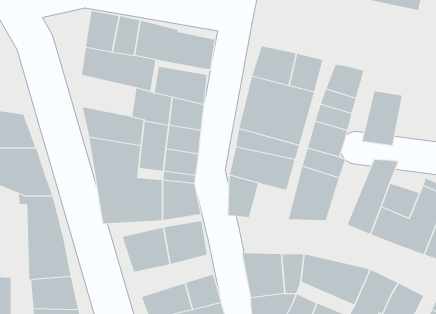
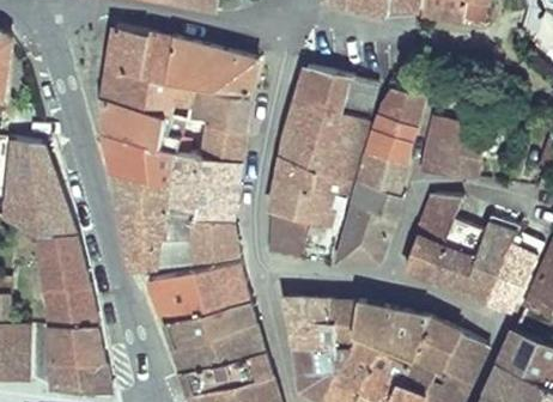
building: none -> [105,100,166,147]
building: none -> [293,221,335,263]
building: none -> [164,302,253,348]

